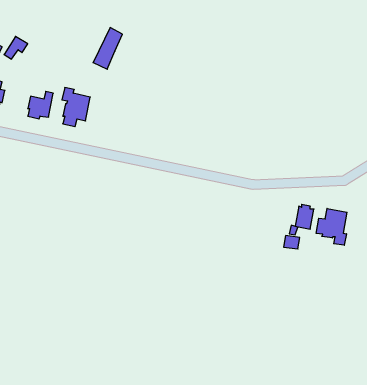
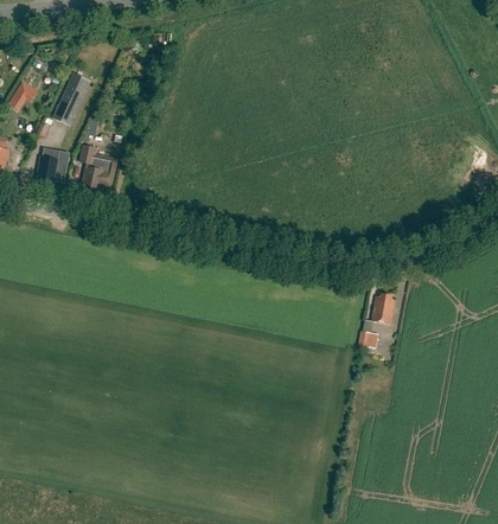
building: [93,28,122,69] -> [53,72,90,124]
building: [316,208,347,245] -> none

